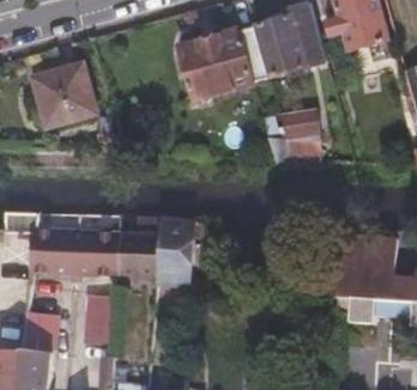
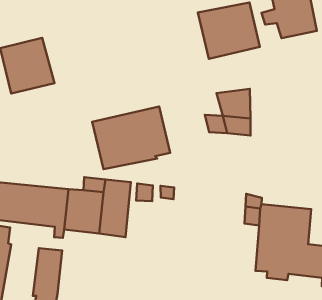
building: [179,25,268,99] -> [92,106,170,169]

